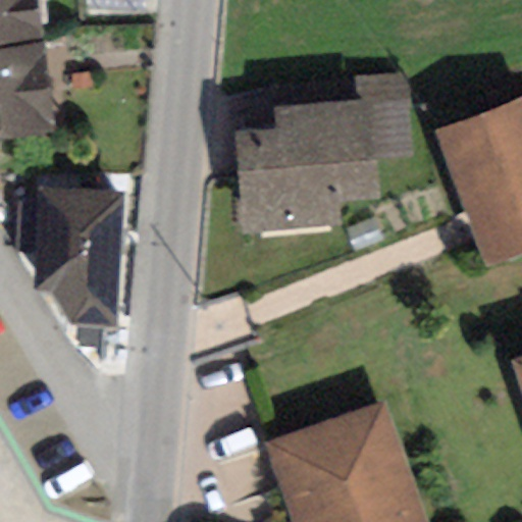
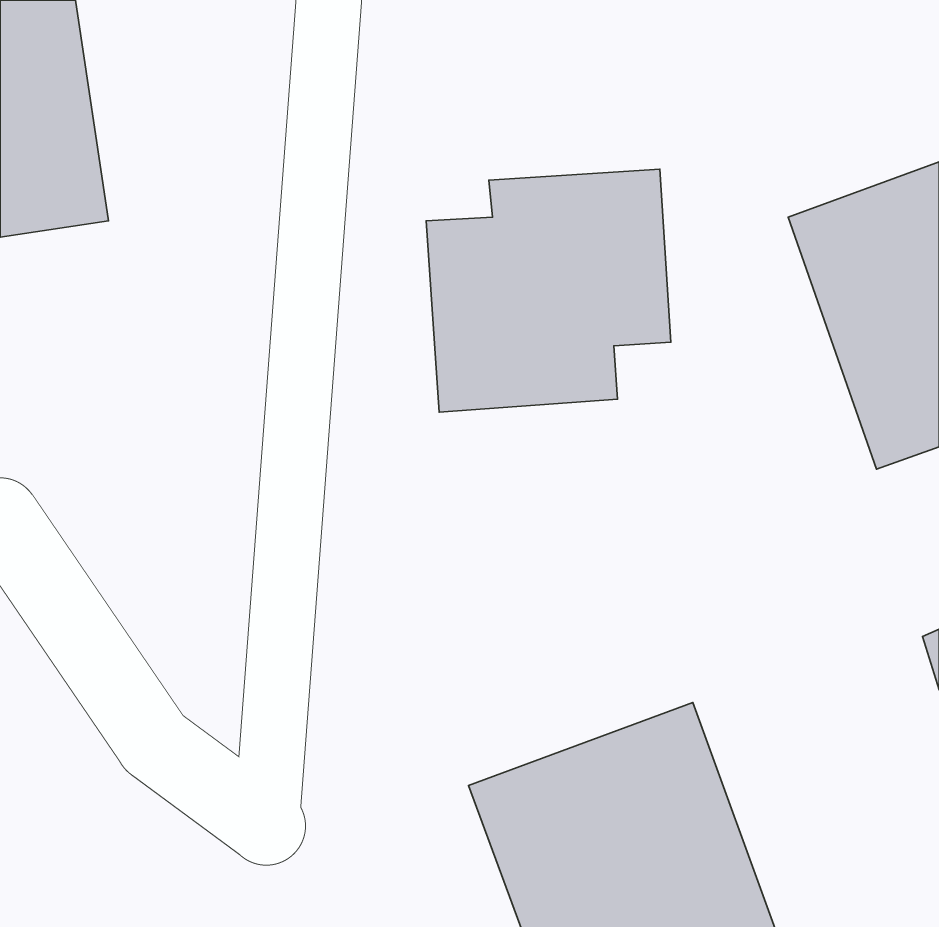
building: [355,71,417,155] -> none
building: [32,180,132,334] -> none

